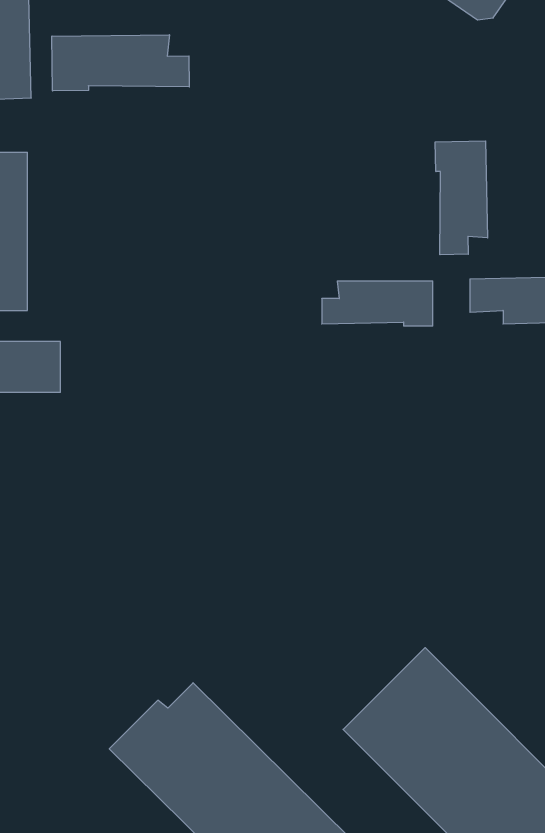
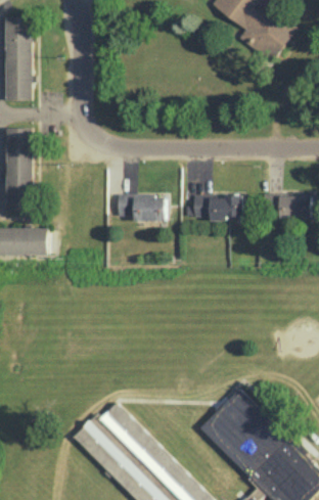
building: [52,35,189,91] -> none
building: [435,141,488,255] -> none
building: none -> [118,195,166,220]

